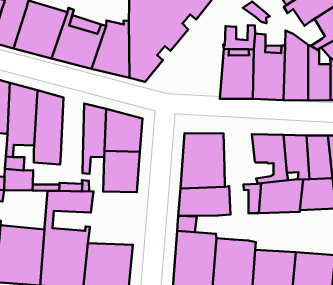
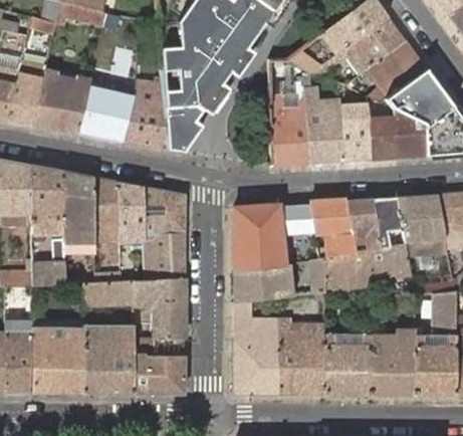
building: none -> [93,177,122,262]
building: none -> [278,202,316,242]
building: none -> [134,278,185,341]

